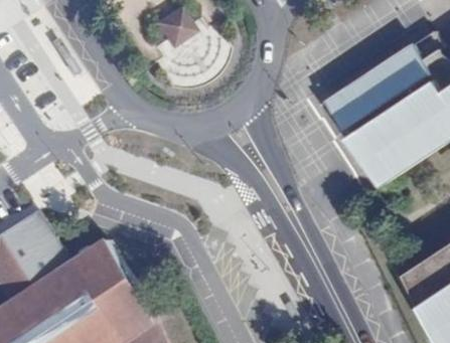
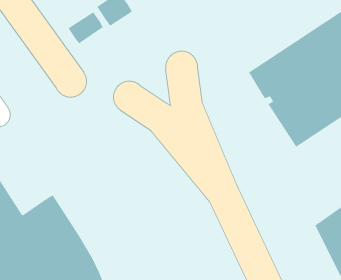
building: none -> [68,11,104,44]

